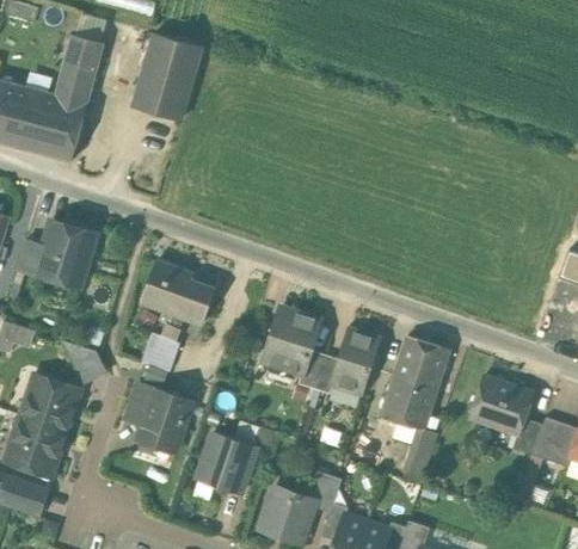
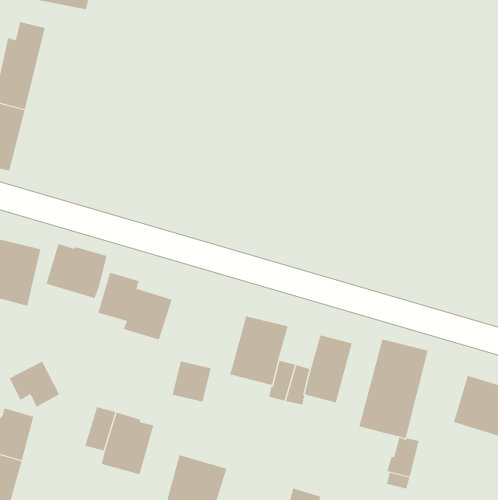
building: [131,35,202,118] -> none
building: none -> [46,243,107,299]
building: [141,329,179,369] -> [172,361,212,402]

